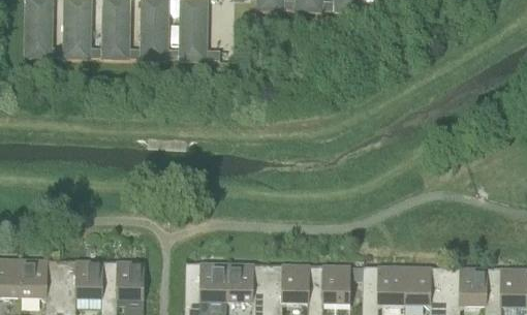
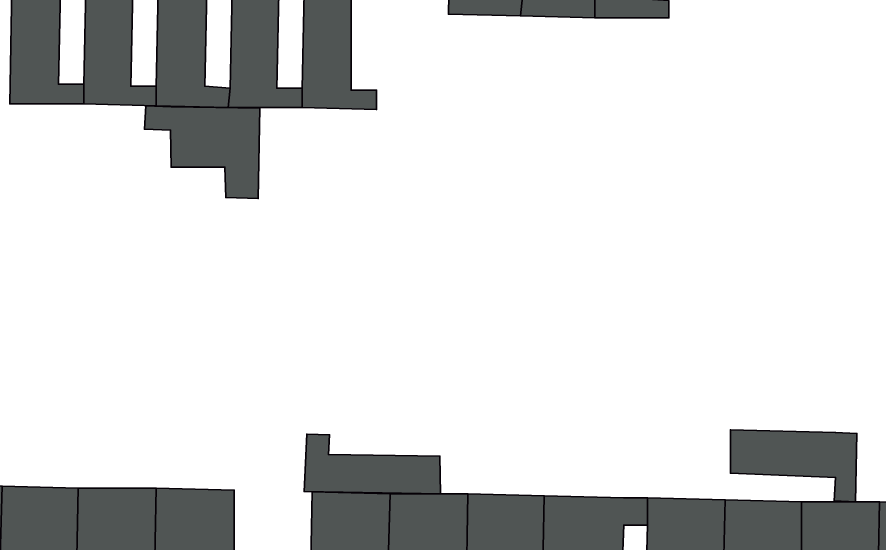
building: none -> [145,106,260,199]
building: none -> [731,430,857,502]
building: none -> [304,434,440,494]

